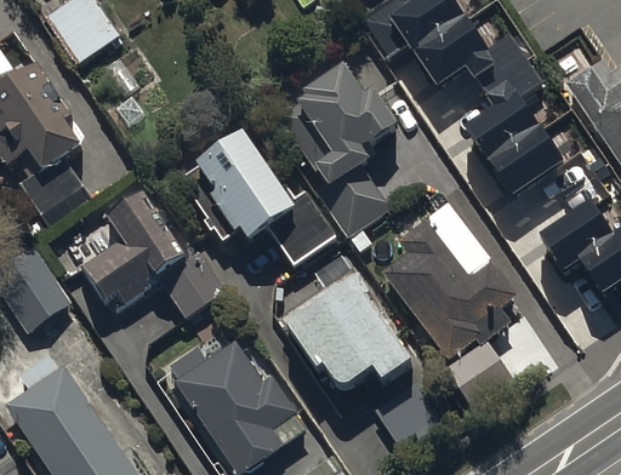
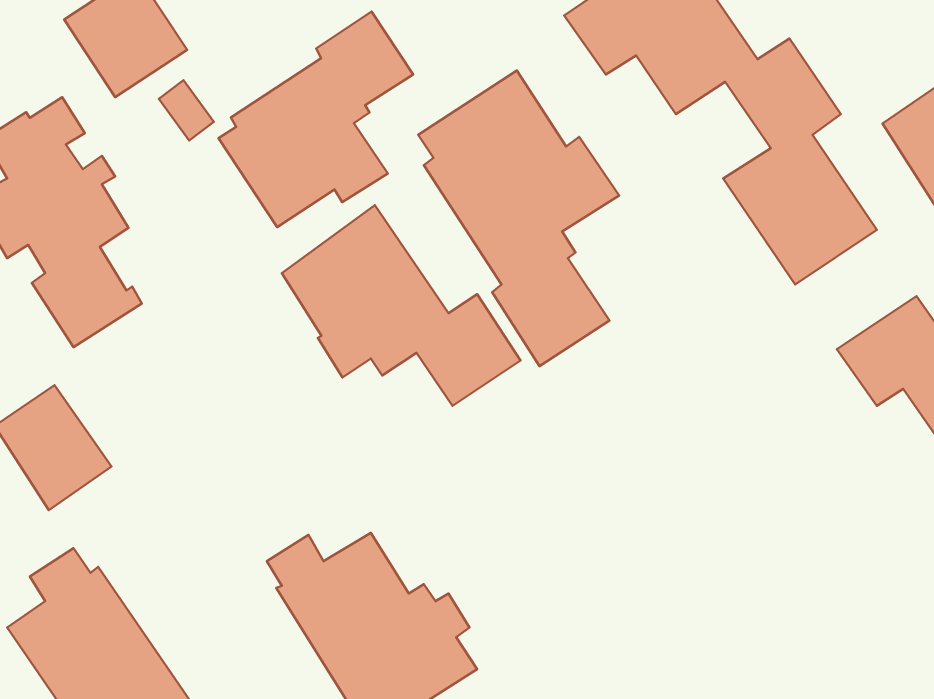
building: none -> [219,12,413,227]
building: [81,194,227,319] -> none
building: [381,202,518,400] -> none
building: [281,274,411,393] -> none

